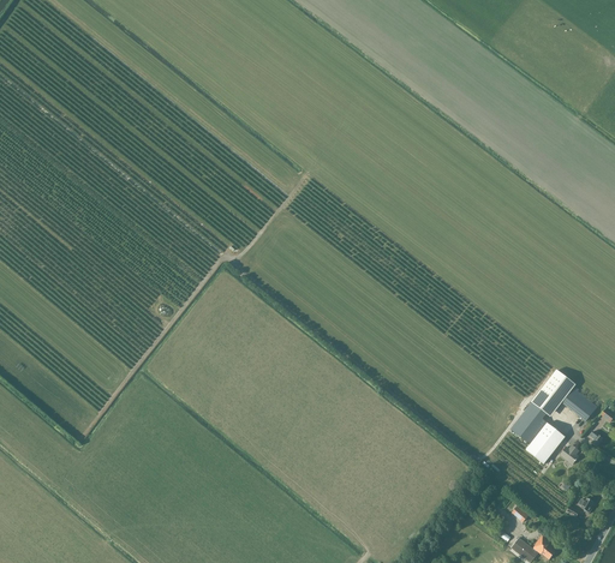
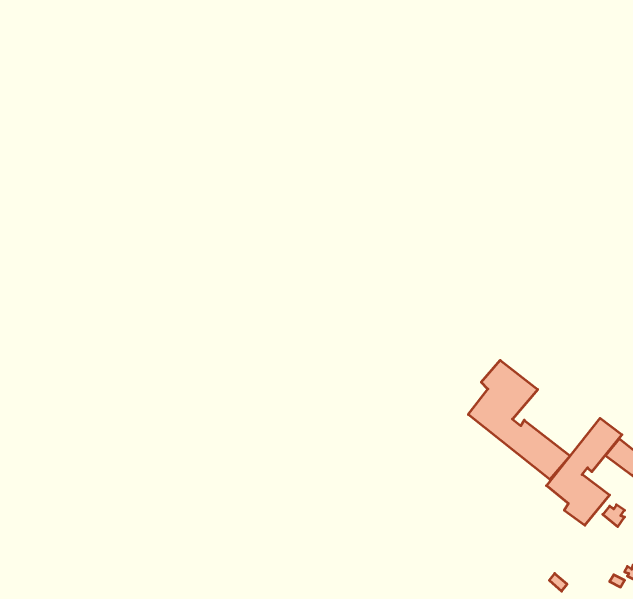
building: none -> [468,360,570,480]

